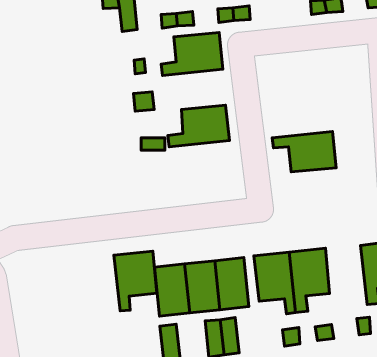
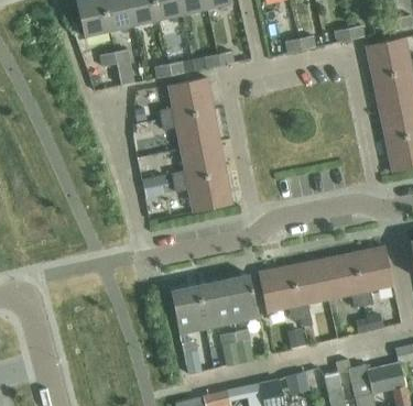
building: none -> [161,110,219,150]
building: [272,131,336,172] -> [173,173,232,212]
building: none -> [320,254,362,308]
building: [114,251,157,311] -> none

